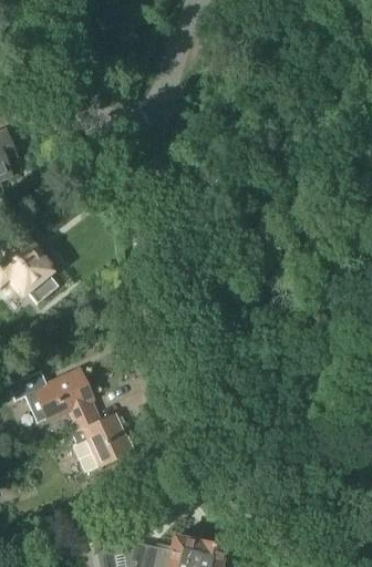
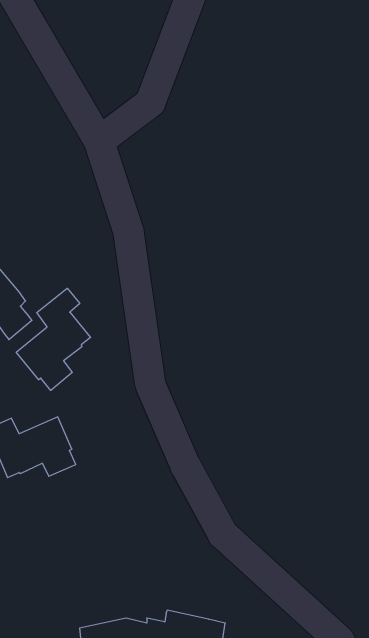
building: none -> [16,288,91,390]
building: [73,412,135,472] -> none

